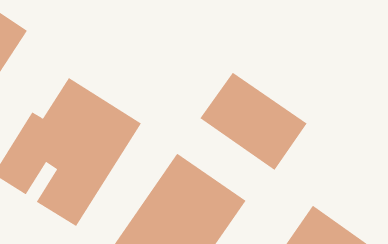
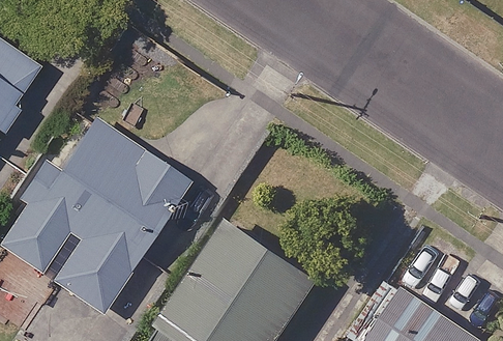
building: [200,72,307,171] -> none

